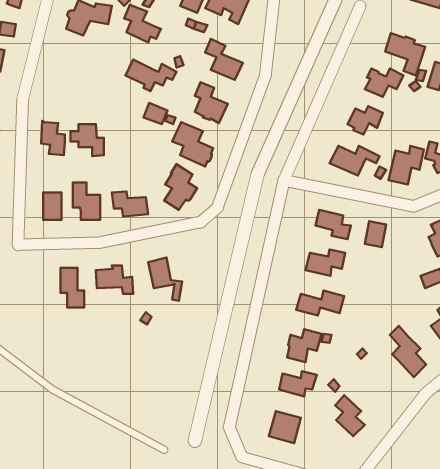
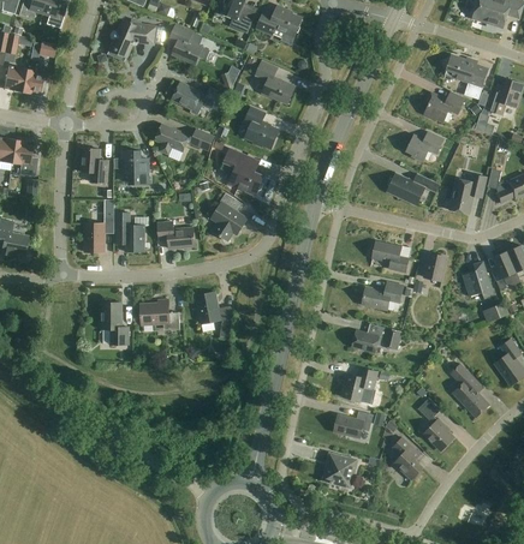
building: none -> [154,124,189,154]
building: none -> [462,261,493,298]
building: none -> [417,397,453,449]

